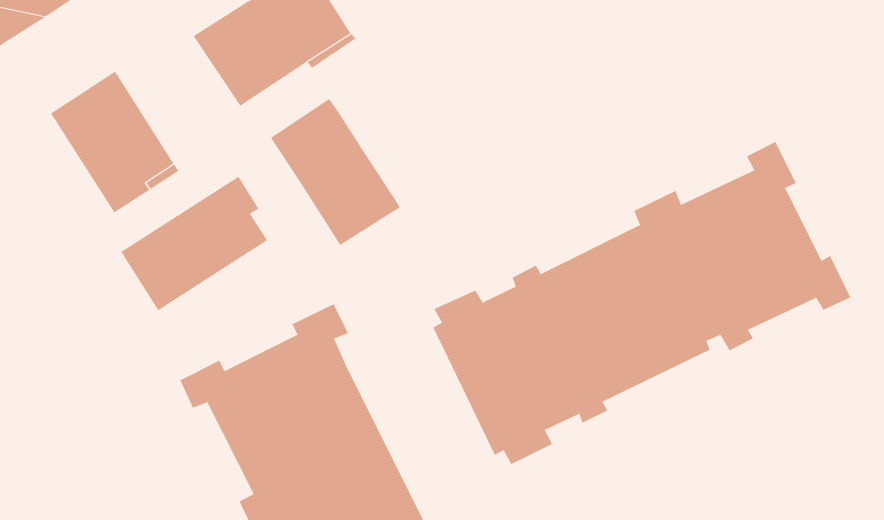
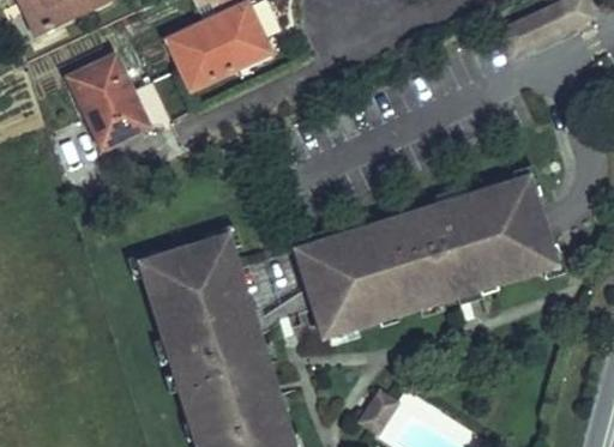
building: [270,98,401,246] -> none
building: [121,176,268,311] -> none

